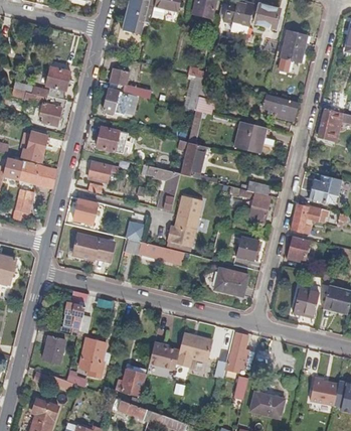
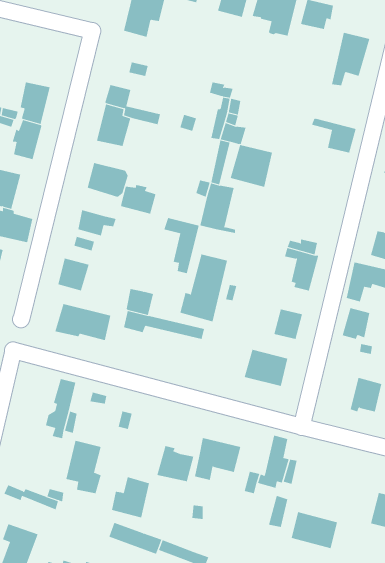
building: [241,123,274,155] -> [230,145,273,188]
building: none -> [120,184,156,214]
building: [42,334,65,362] -> none

